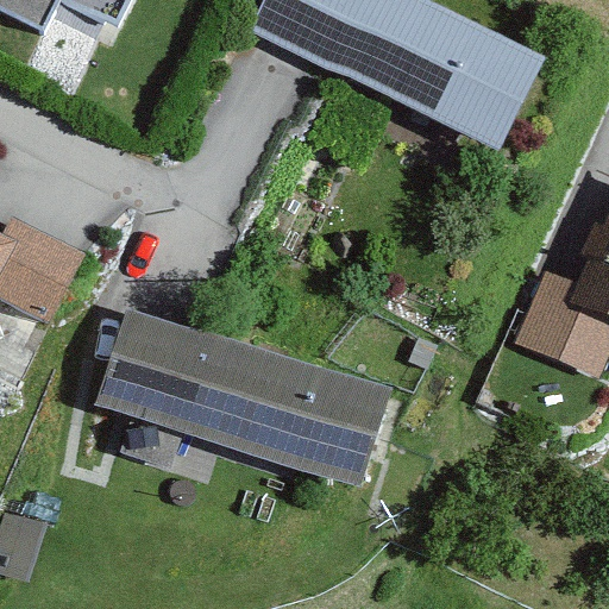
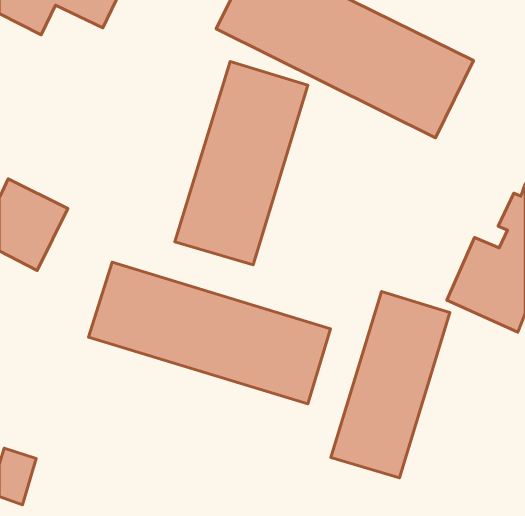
building: none -> [175,61,308,265]
building: none -> [331,291,450,478]

